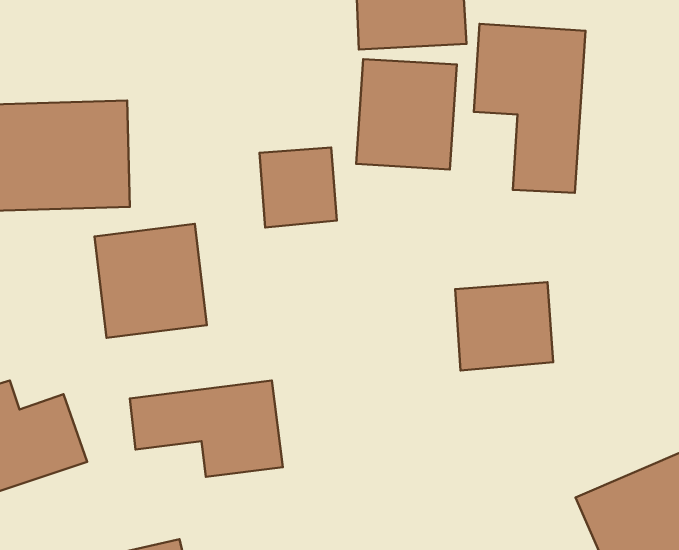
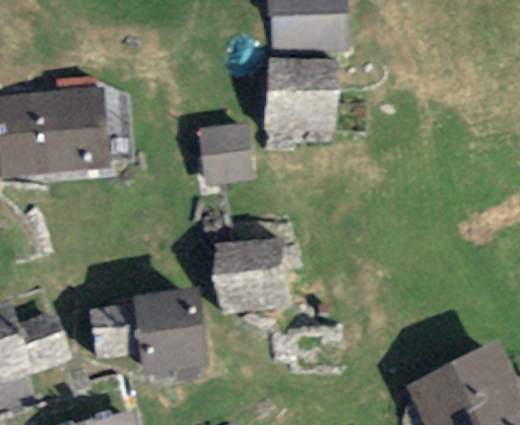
building: [474,24,585,193] -> none
building: [94,224,207,338] -> none
building: [455,282,553,370] -> [217,241,289,306]

